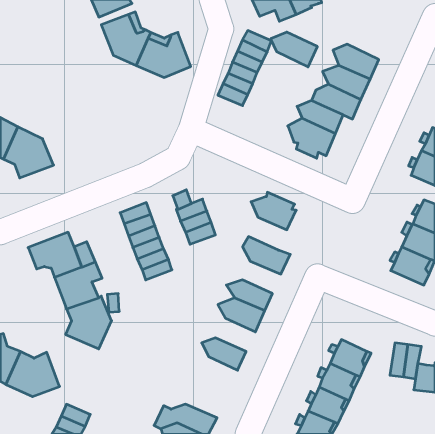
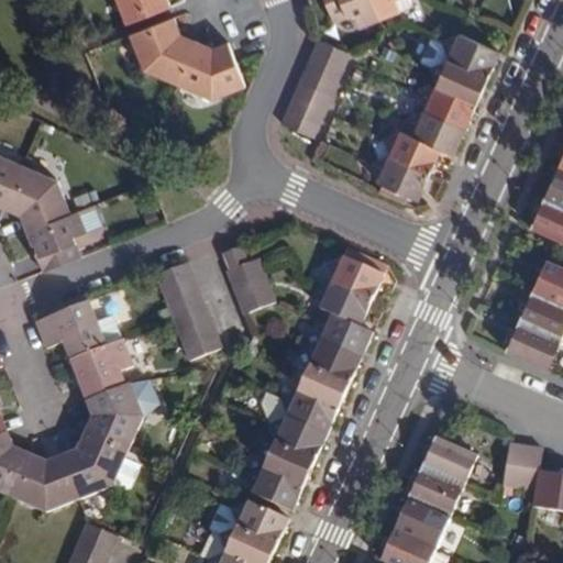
building: [271,32,317,67] -> [441,32,501,77]
building: none -> [25,205,101,271]
building: none -> [314,280,371,323]
building: none -> [302,338,363,379]
building: none -> [268,411,330,454]
building: none -> [60,432,140,499]
building: none -> [249,461,307,505]
building: none -> [211,497,290,540]

